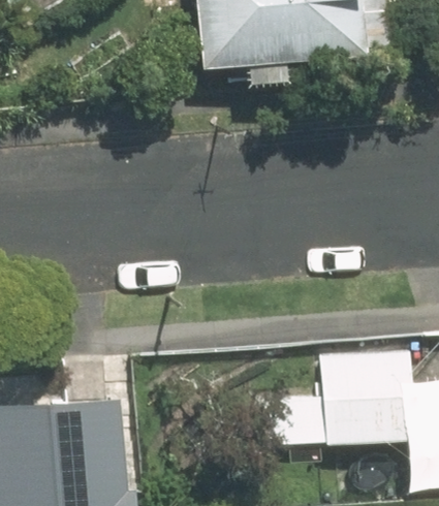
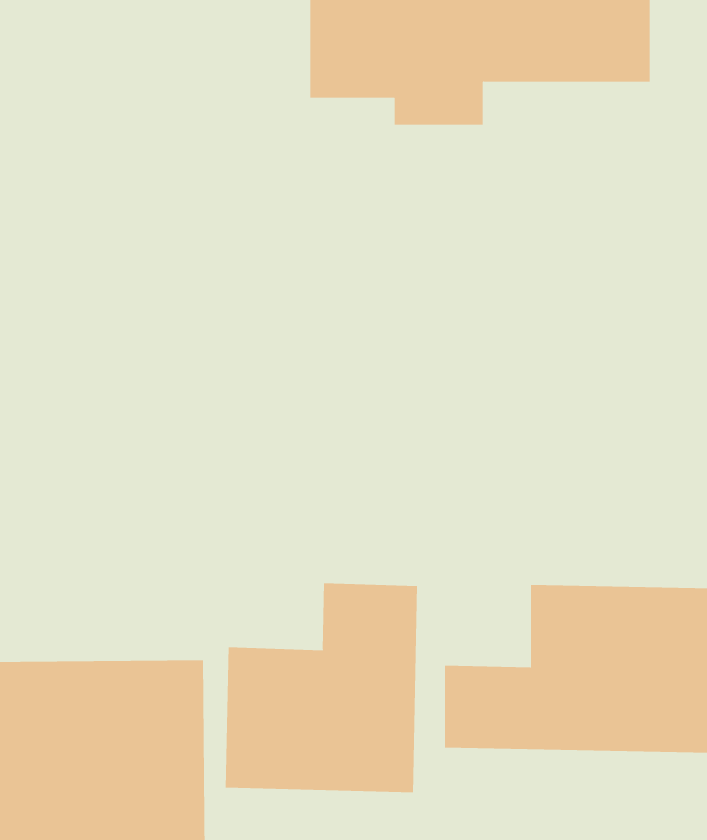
building: none -> [225,582,418,793]

